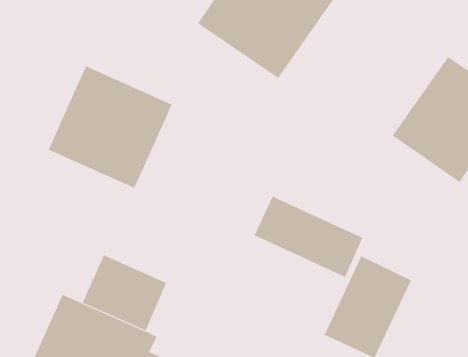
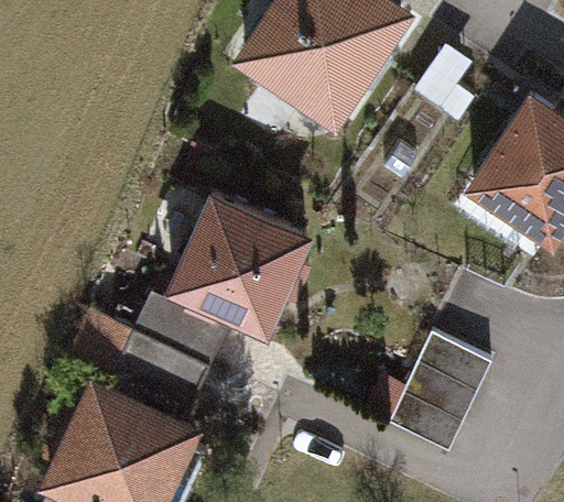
building: [48,66,173,188] -> [160,194,305,337]
building: [254,196,363,278] -> none

